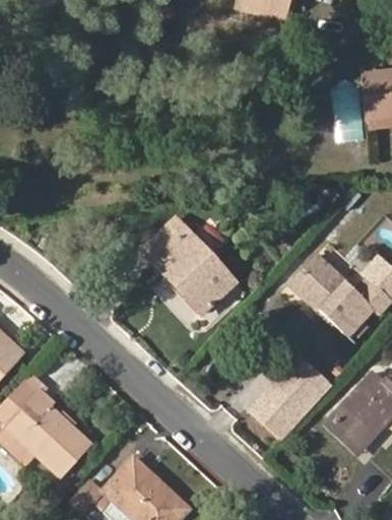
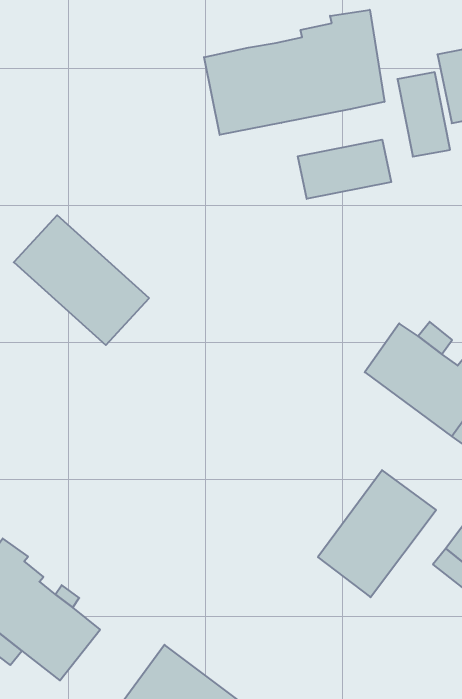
building: none -> [204,10,384,135]
building: none -> [298,140,391,199]
building: [142,219,234,313] -> [14,215,149,345]

